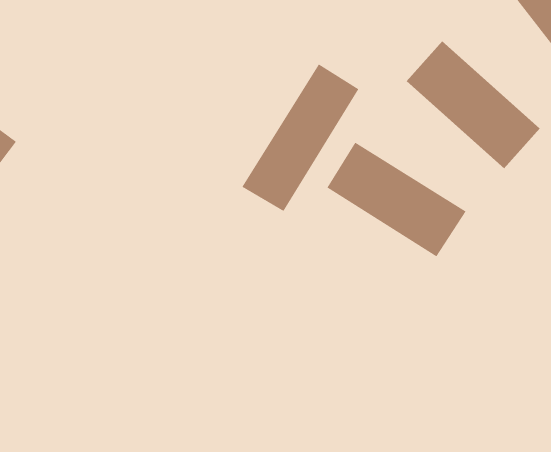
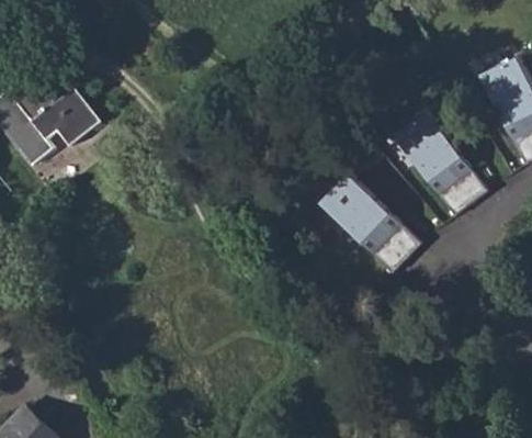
building: [241,64,359,212] -> none

